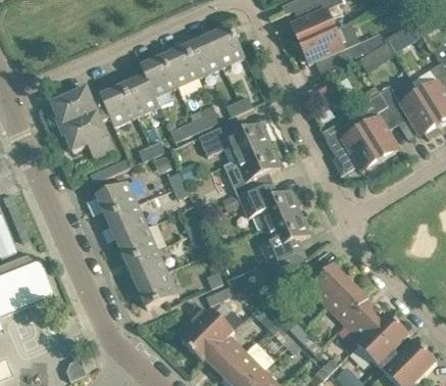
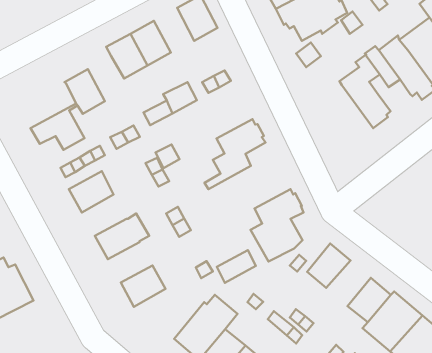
building: [186,35,221,76] -> none
building: [121,75,158,115] -> none
building: [50,86,108,135] -> none
building: [197,116,269,158] -> none
building: [320,118,380,170] -> none
building: [224,186,299,226] -> none
building: [105,202,146,239] -> none
building: [126,248,166,284] -> none
building: [325,281,366,323] -> none

